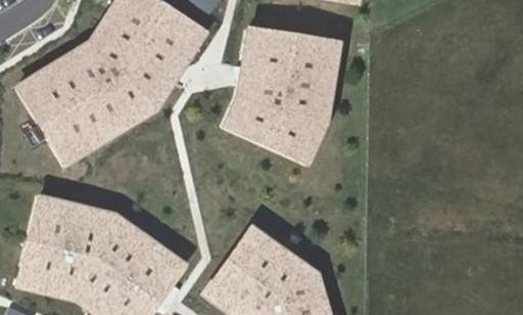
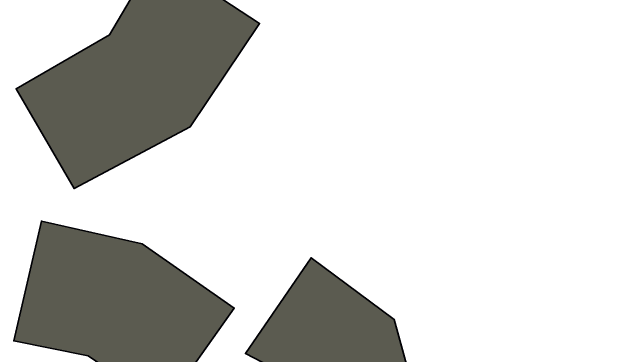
building: [218,28,345,165] -> none

